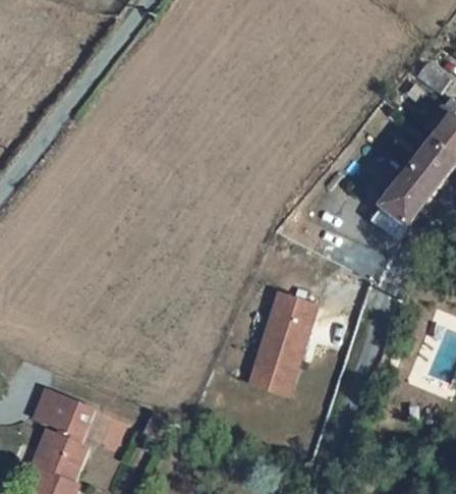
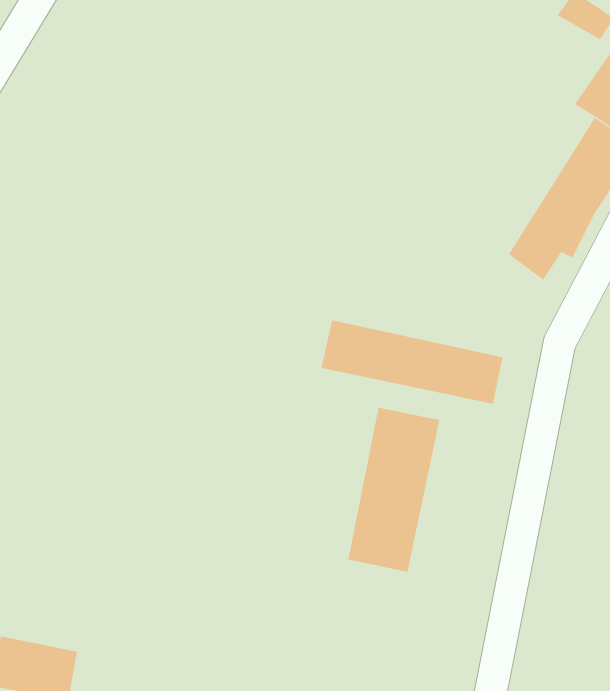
building: none -> [321,319,503,405]

